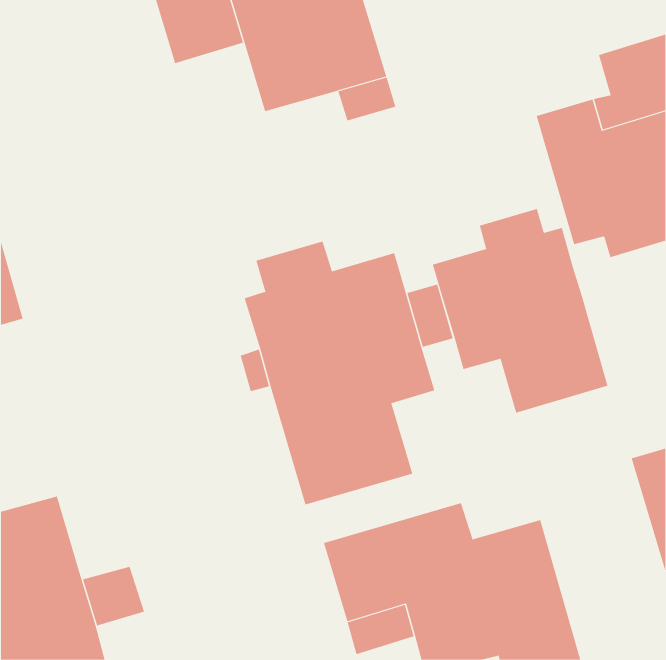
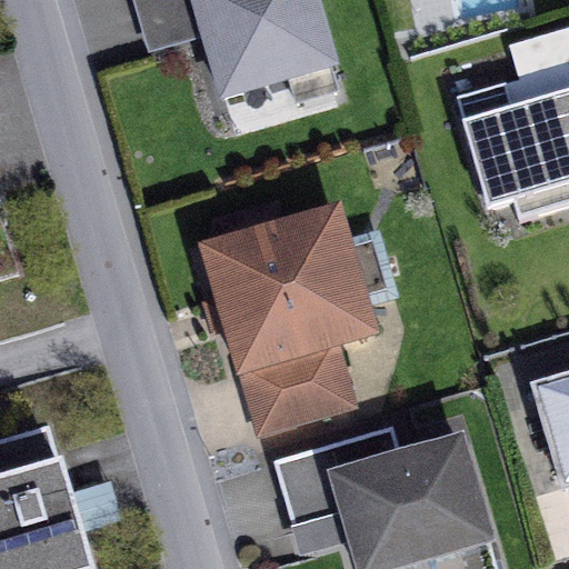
building: [432,208,608,413] -> none

